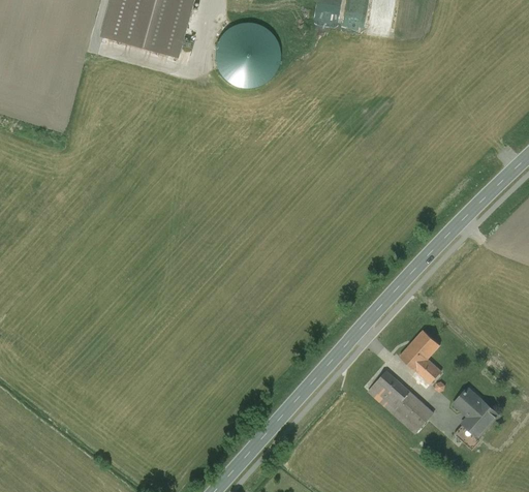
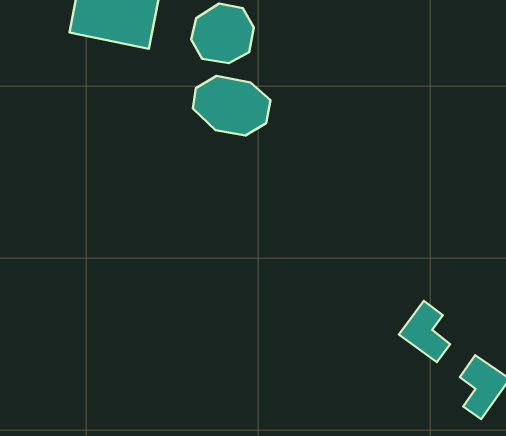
building: none -> [193,76,271,135]
building: [372,376,434,433] -> none

